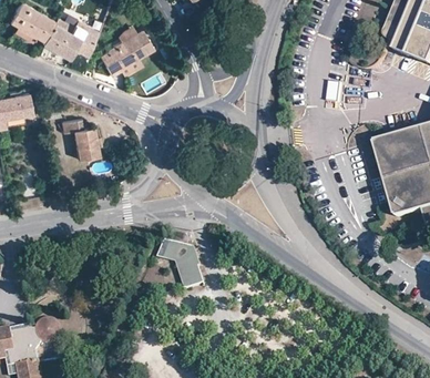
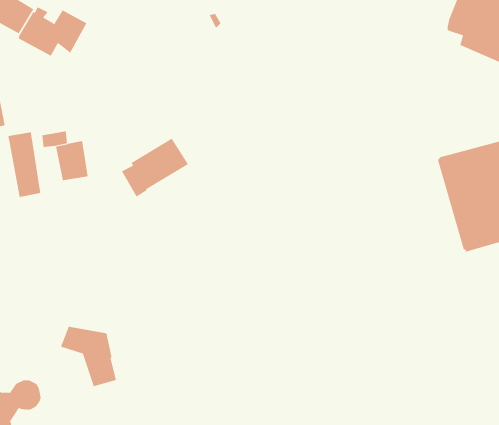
building: [101,30,155,78] -> [121,138,189,197]
building: none -> [8,132,41,198]
building: [158,242,204,290] -> [60,326,117,387]

